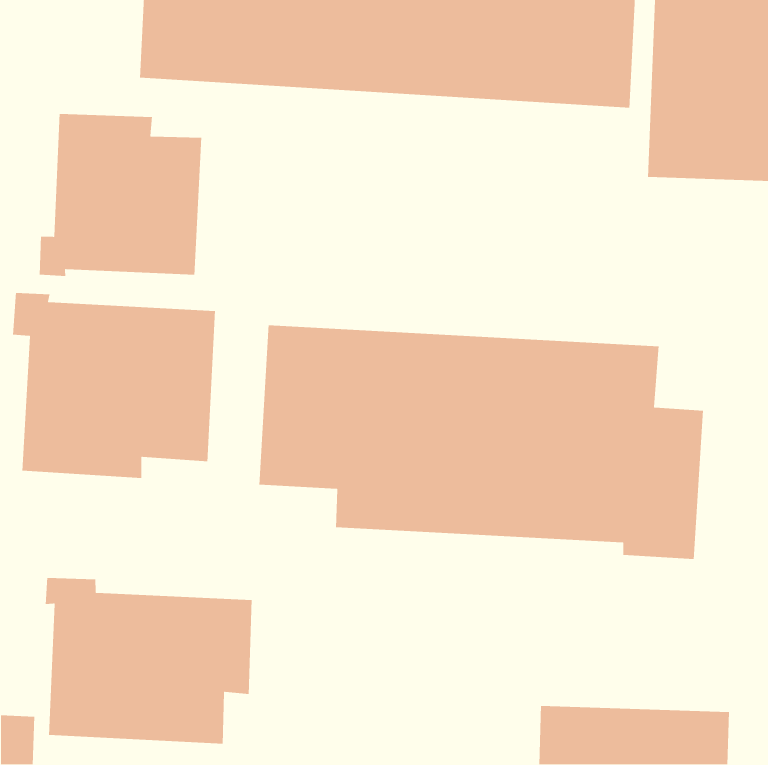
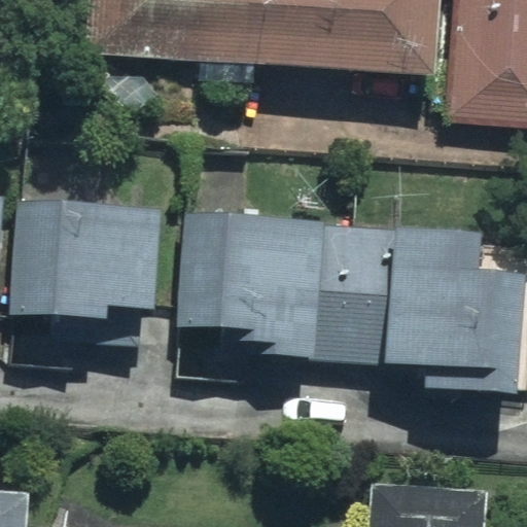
building: [39,113,202,277] -> none
building: [45,577,252,745] -> none

